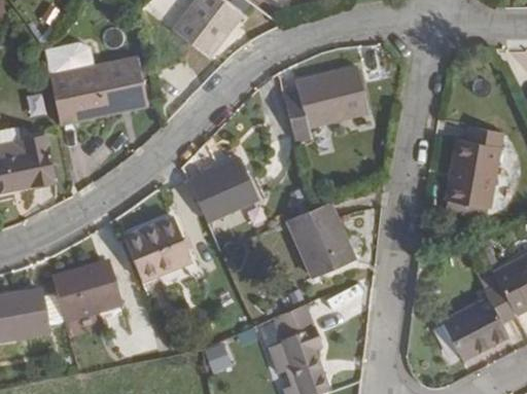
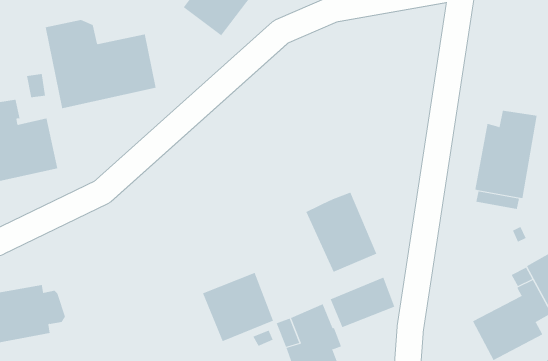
building: [283,67,368,144] -> none
building: [187,157,259,222] -> none
building: [125,216,191,281] -> [202,272,274,342]
building: [51,261,121,323] -> none

